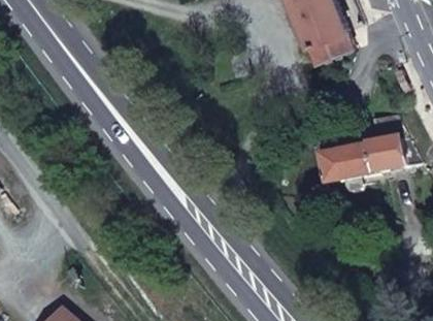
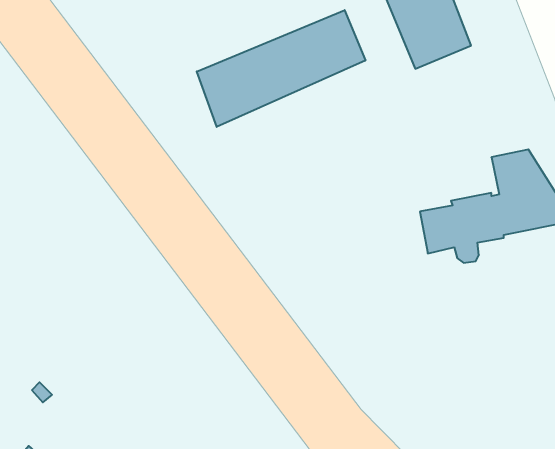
building: none -> [197,10,365,127]

